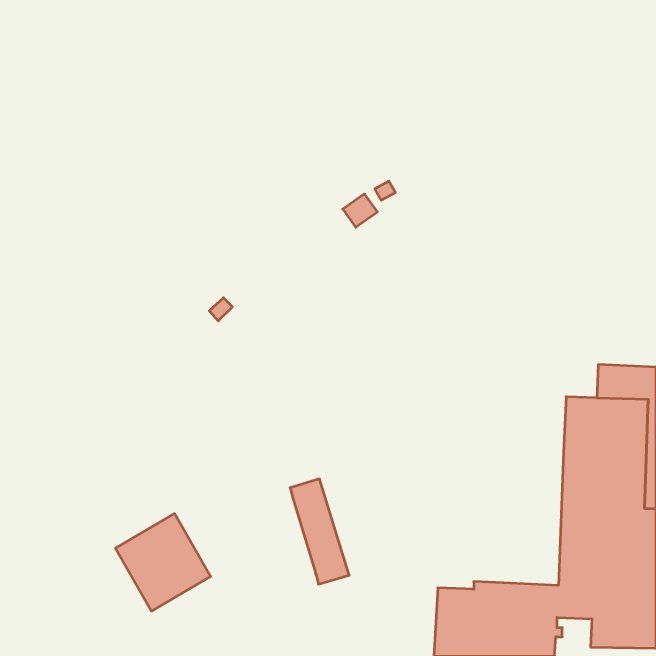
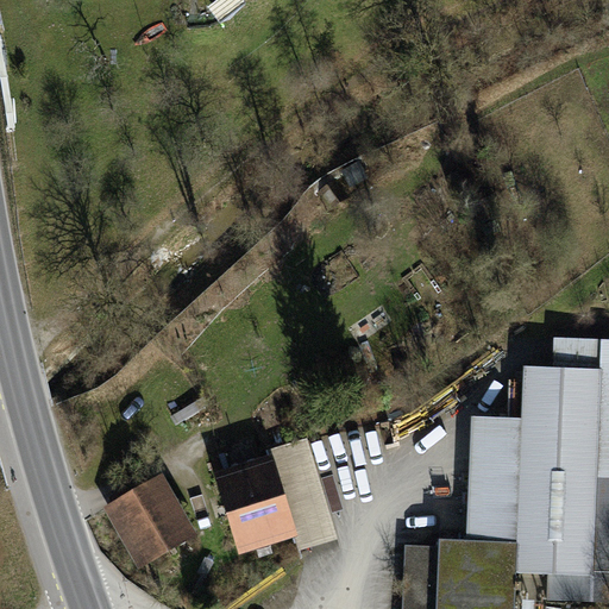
building: none -> [466,416,522,542]
building: none -> [220,462,293,547]

